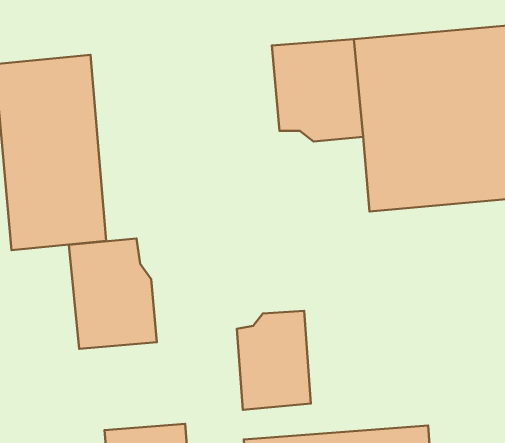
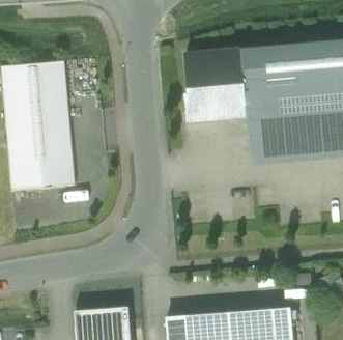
building: [69,239,157,349] -> none
building: [237,311,311,410] -> none

